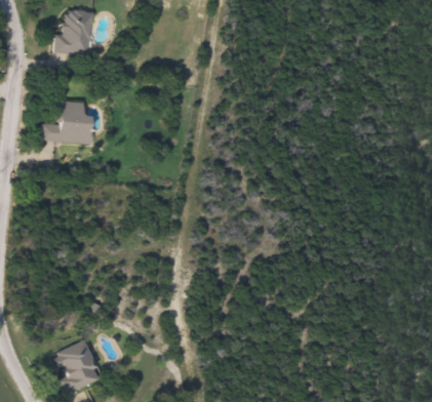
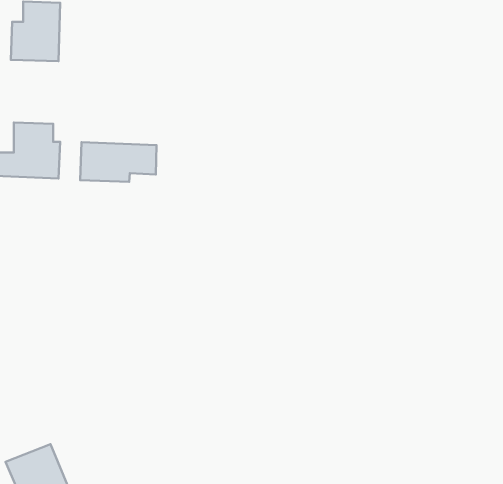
building: none -> [80,142,157,182]

